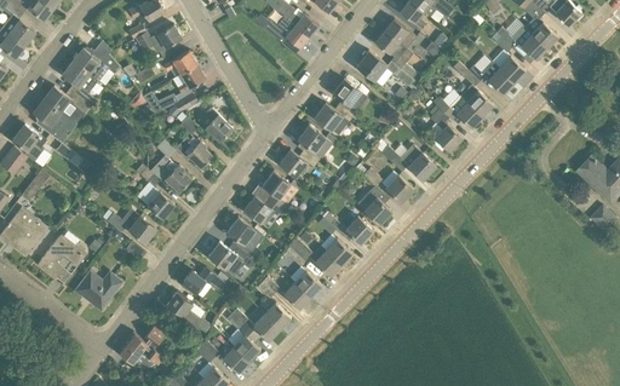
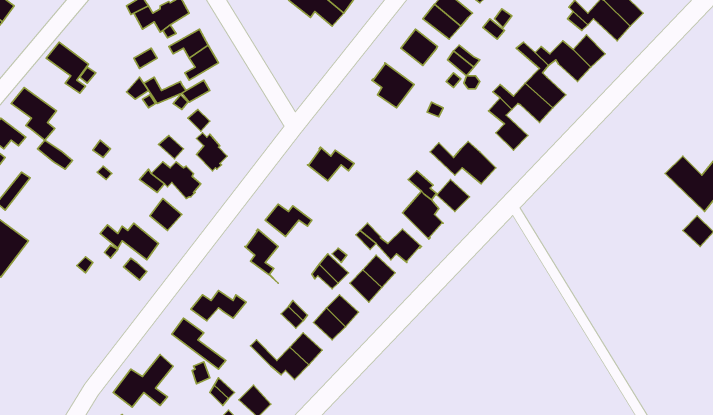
building: [73,41,120,81] -> none
building: [44,86,90,119] -> none
building: [314,103,352,136] -> none
building: [199,108,231,142] -> none
building: [297,125,328,162] -> none
building: [262,171,291,209] -> none
building: [38,235,86,278] -> none
building: [207,242,254,275] -> none
building: [74,273,122,306] -> none
building: [225,313,260,362] -> none

